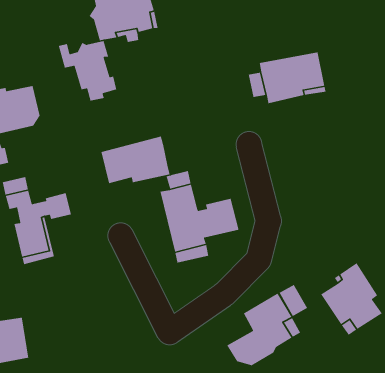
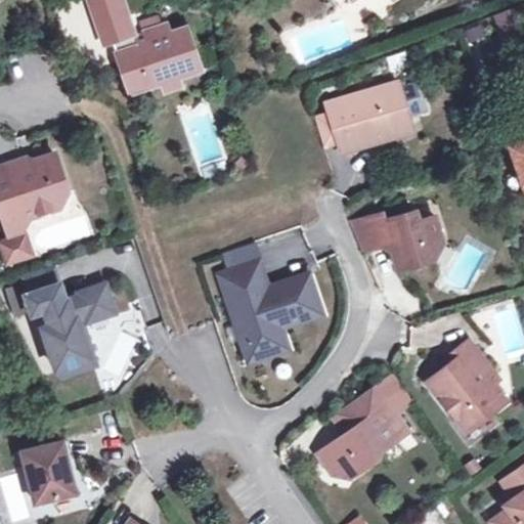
building: [58,40,117,102] -> none
building: [101,135,170,184] -> none
building: none -> [352,213,443,271]

